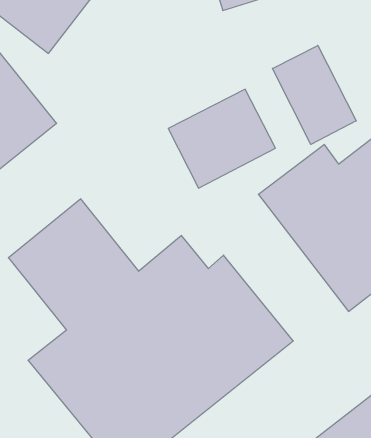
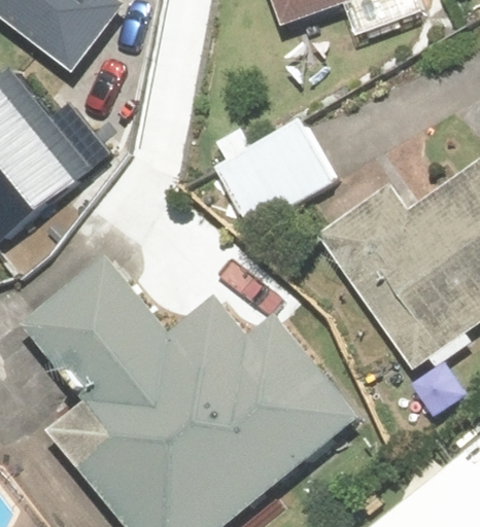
building: [272,45,356,144] -> none

